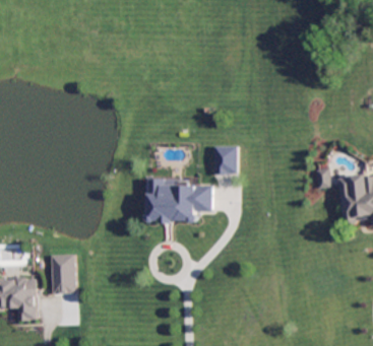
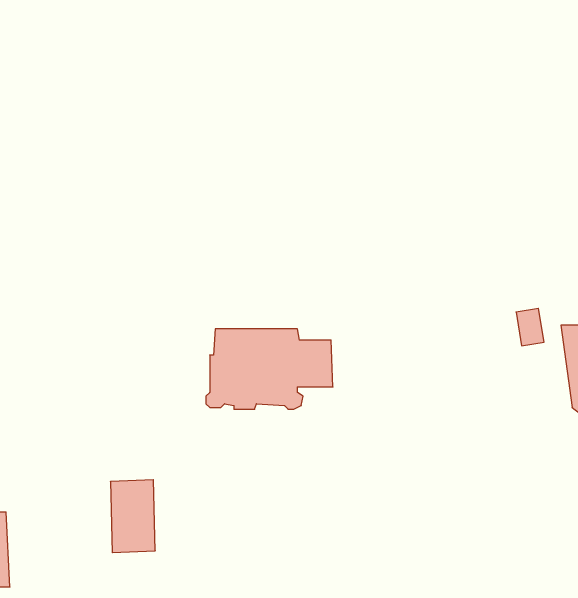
building: [214,145,237,171] -> none
building: [52,253,76,292] -> [110,480,155,553]

